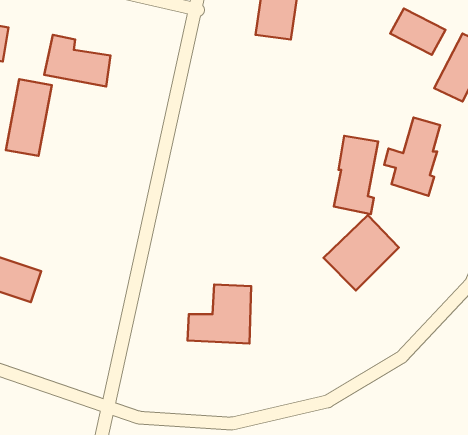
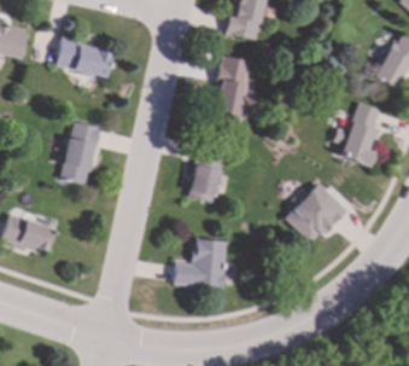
building: [390,9,445,55] -> none
building: [6,79,52,156] -> [62,121,99,184]
building: [334,136,378,214] -> [214,54,250,118]
building: none -> [188,163,221,202]

